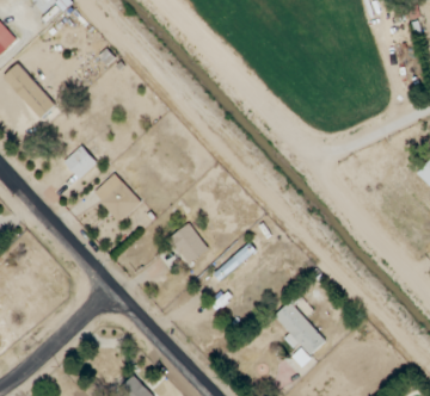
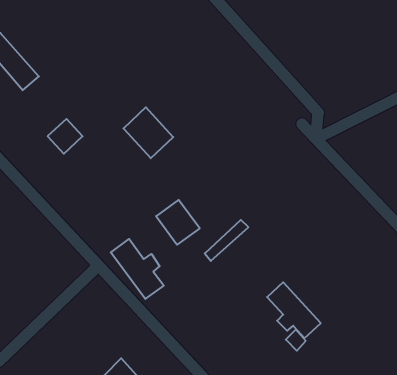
building: [93,173,141,222] -> [123,107,173,158]
building: none -> [111,239,164,299]

